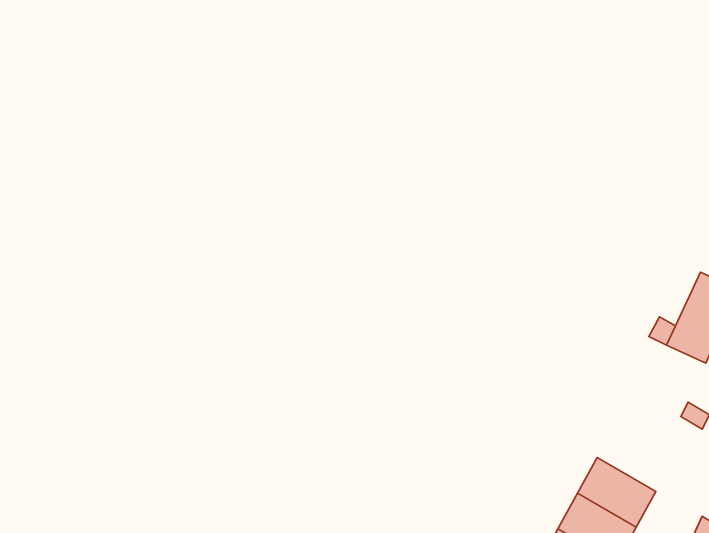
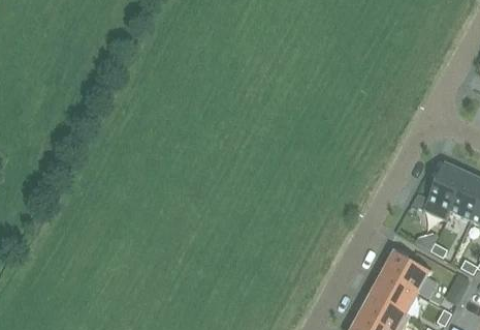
building: none -> [382,252,428,293]

